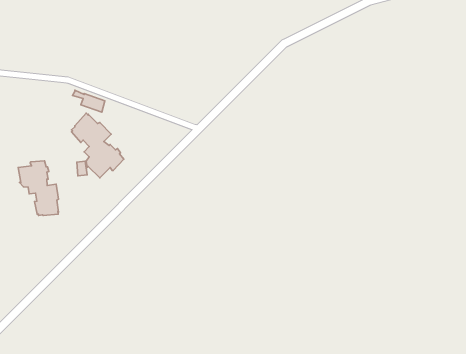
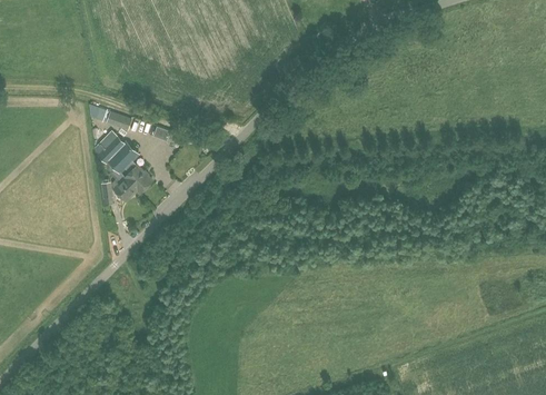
building: [18,161,59,216] -> none

